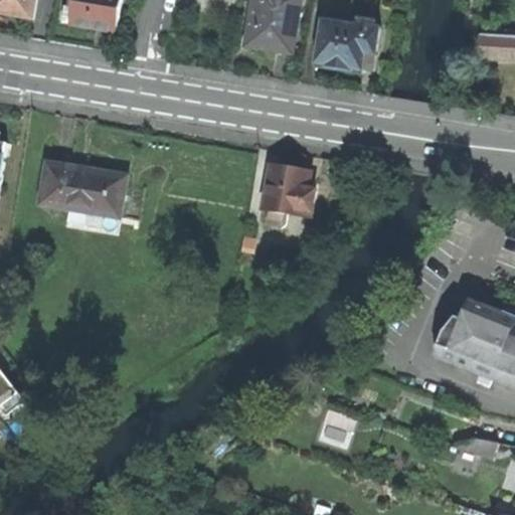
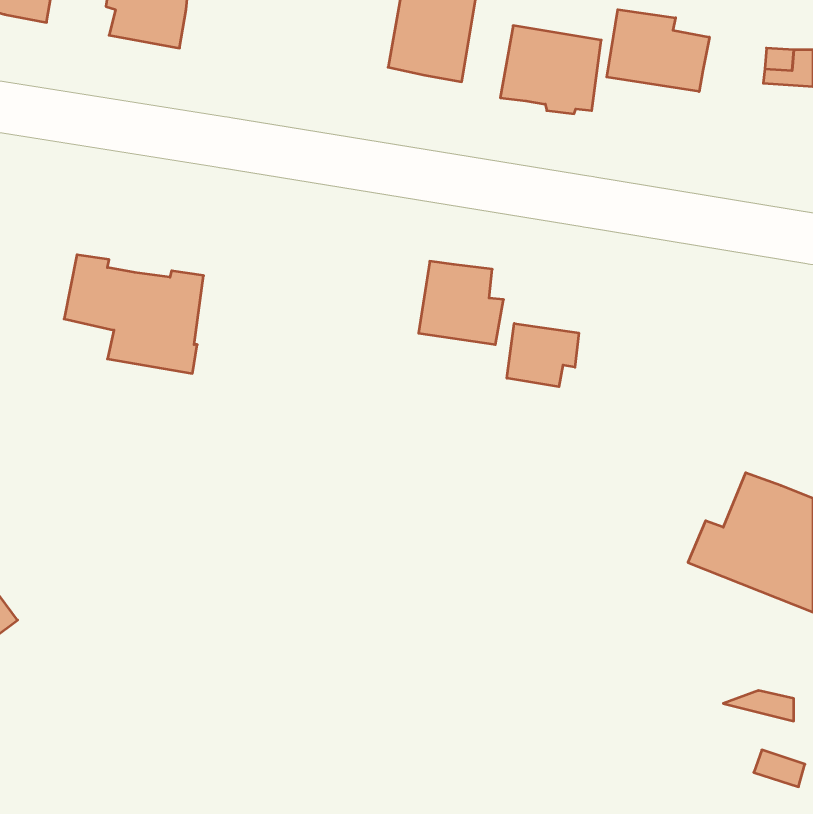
building: none -> [607,10,709,92]
building: none -> [507,323,579,387]

